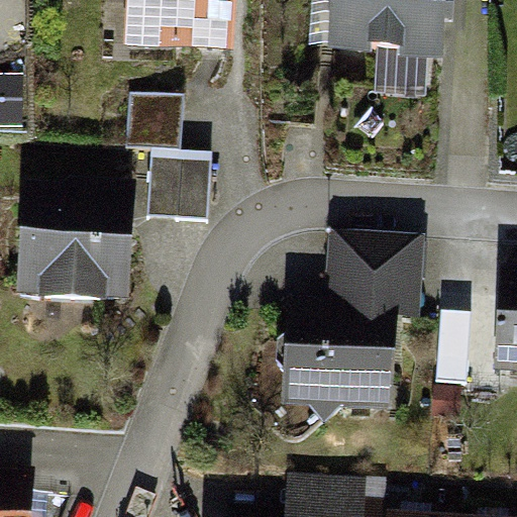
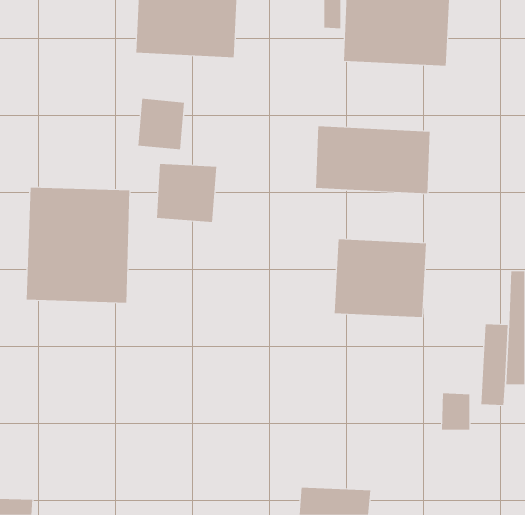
building: none -> [315,125,430,194]
building: [288,305,389,409] -> none

